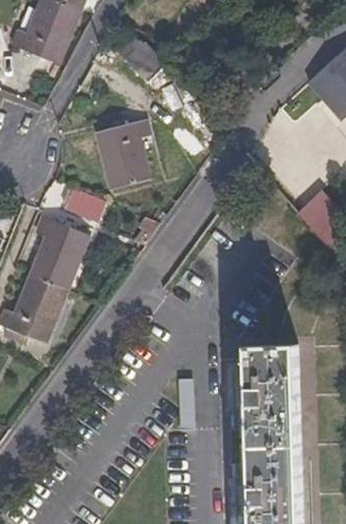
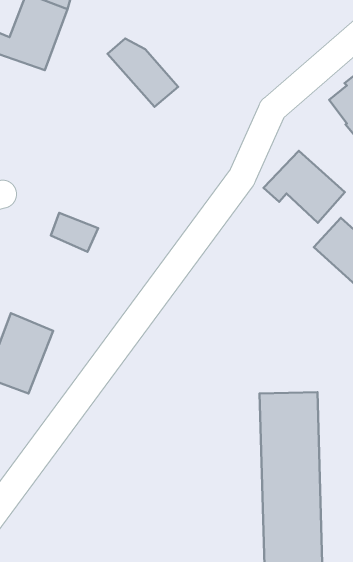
building: [93,117,149,187] -> none
building: none -> [264,151,345,223]
building: [29,216,88,289] -> none

